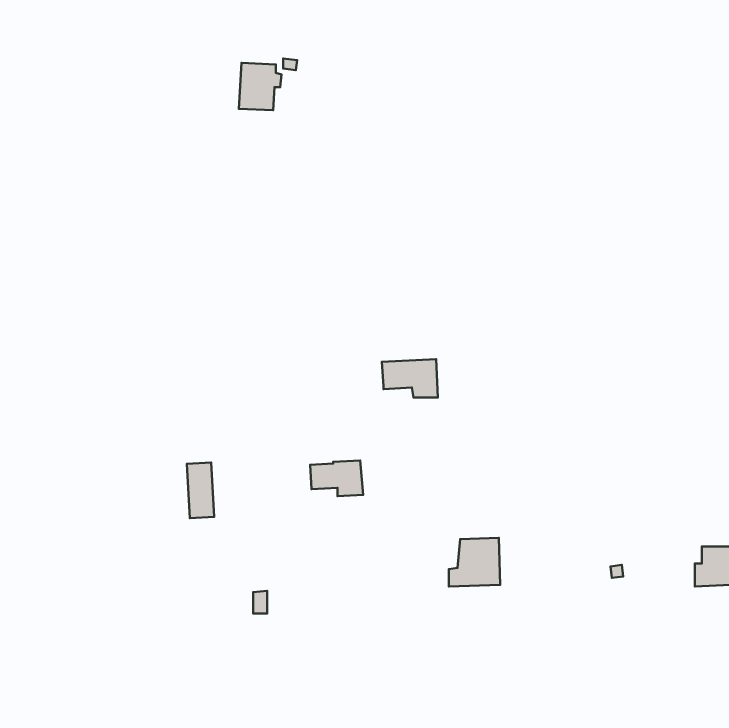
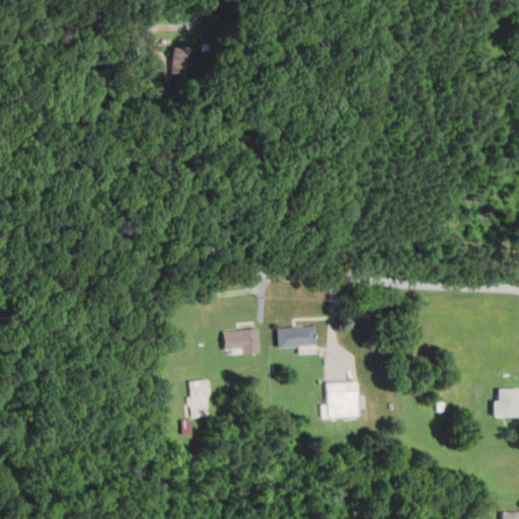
building: [382,359,438,398] -> [277,326,316,354]
building: [187,462,214,518] -> [189,379,208,419]

